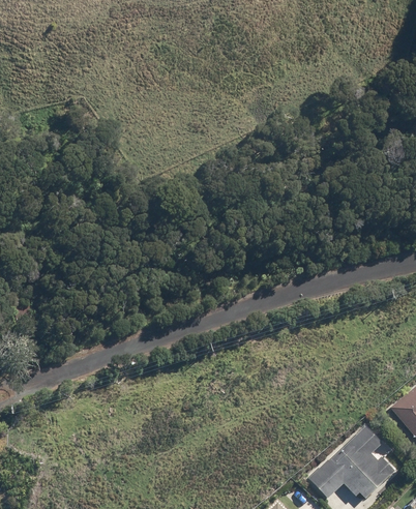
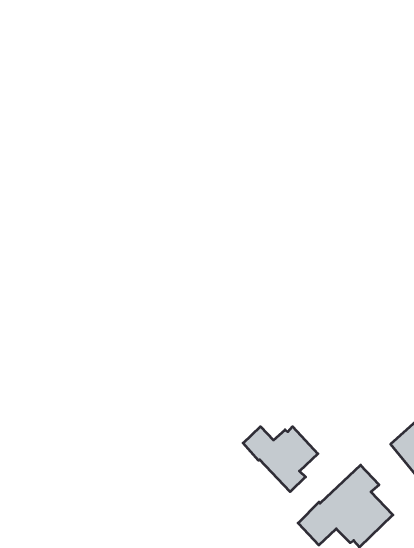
building: none -> [243,427,318,492]

